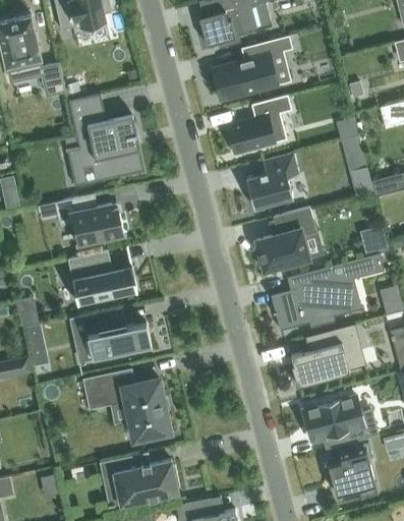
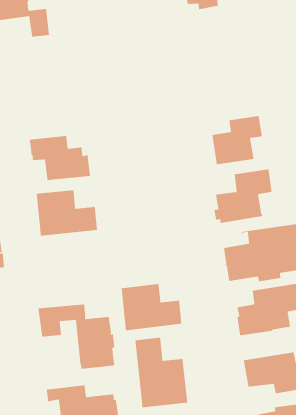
building: [213,37,293,101] -> none
building: [66,95,138,182] -> none
building: [228,97,292,155] -> none
building: [83,307,152,361] -> [121,283,182,331]
building: none -> [134,337,188,408]

